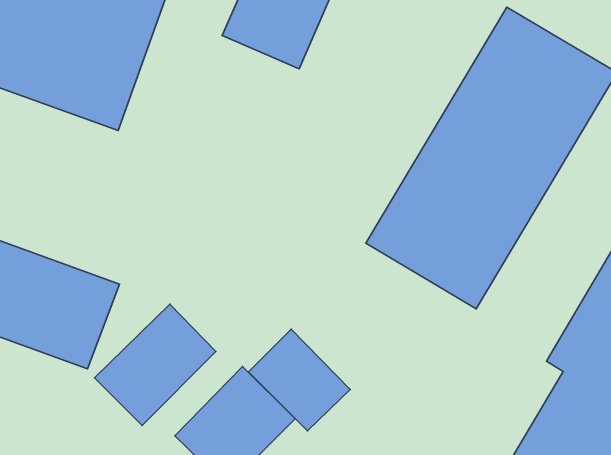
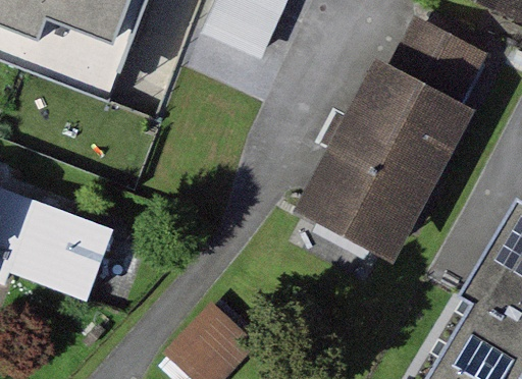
building: [95,304,216,425] -> none
building: [249,329,350,431] -> none

